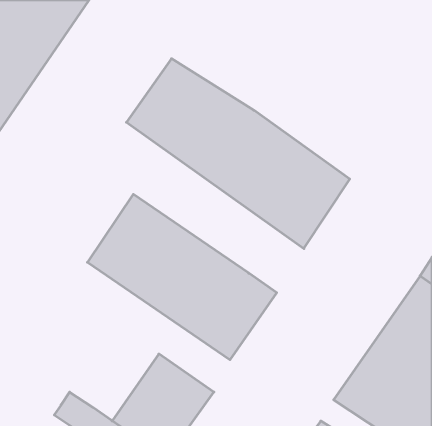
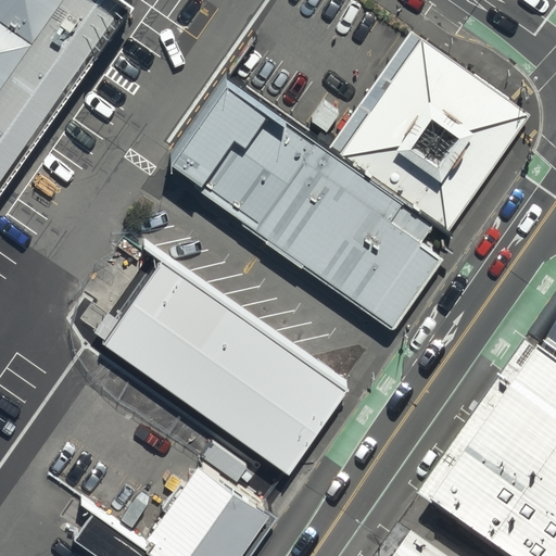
building: none -> [325,38,526,239]

